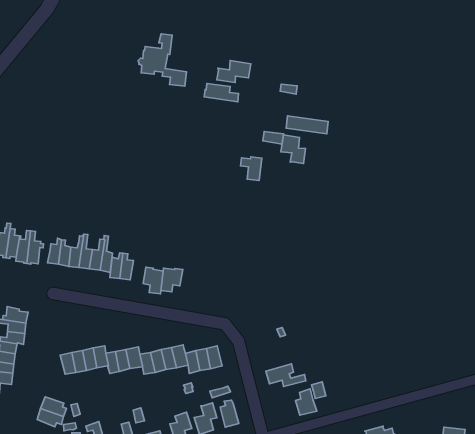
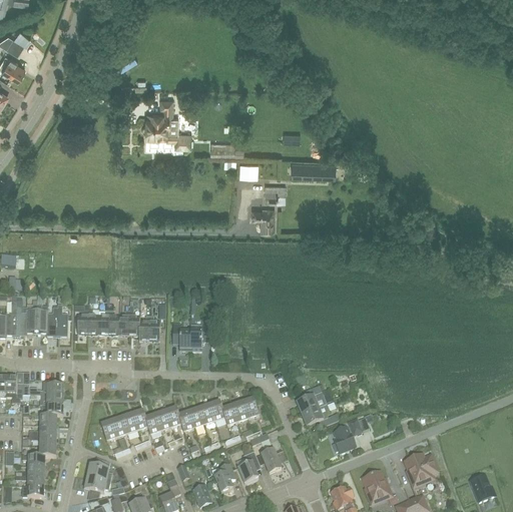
building: [217,60,251,82] -> none
building: [281,135,305,164] -> none
building: none -> [296,385,333,414]

